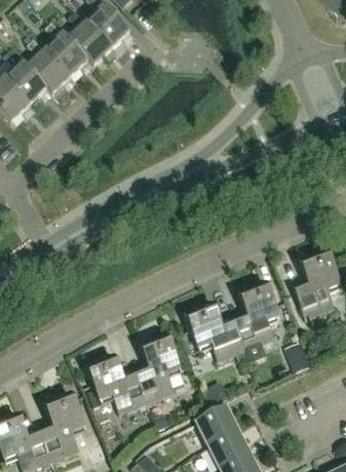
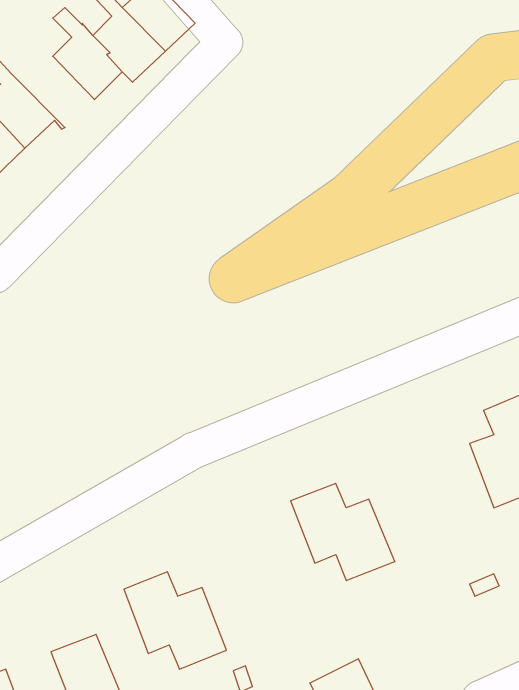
building: [21,38,70,92] -> none
building: [232,281,280,359] -> none
building: [133,335,184,401] -> none

